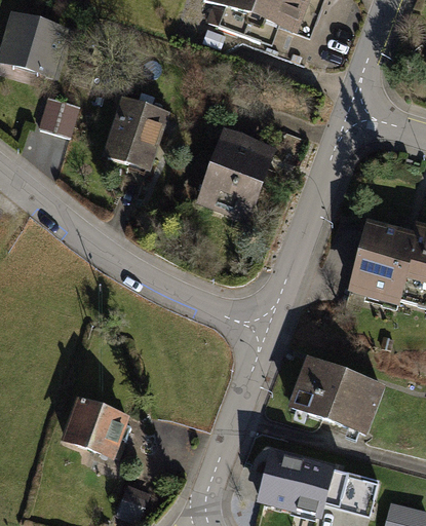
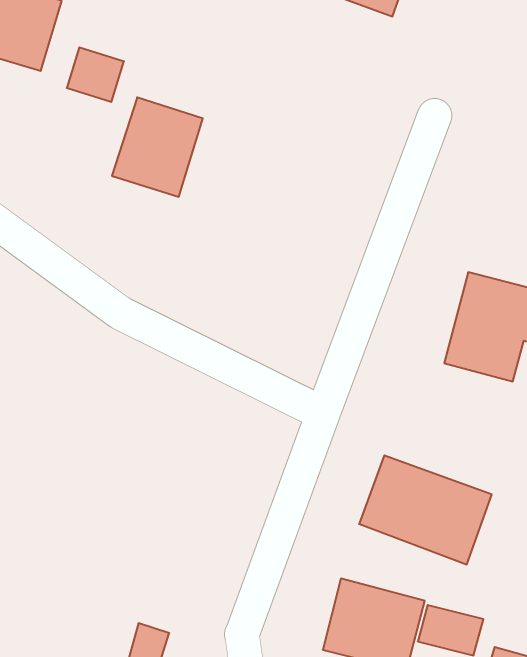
building: [36,97,78,137] -> [67,47,124,102]
building: [197,128,278,223] -> none
building: [54,394,118,456] -> none

